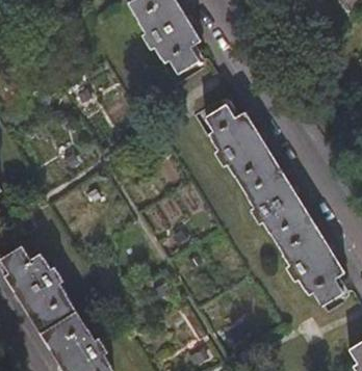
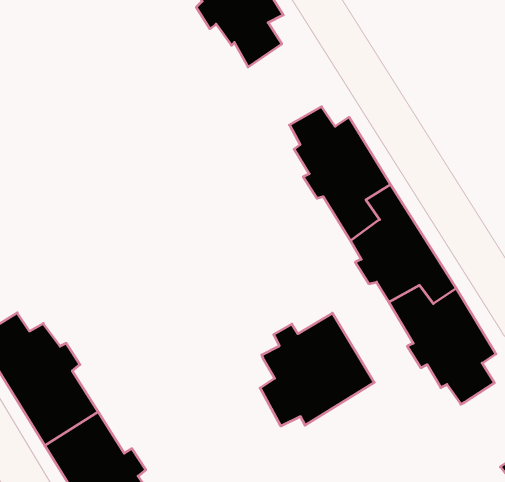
building: none -> [260,313,374,426]

